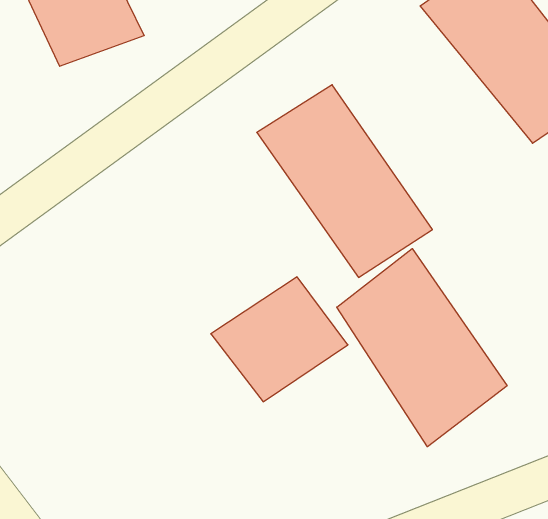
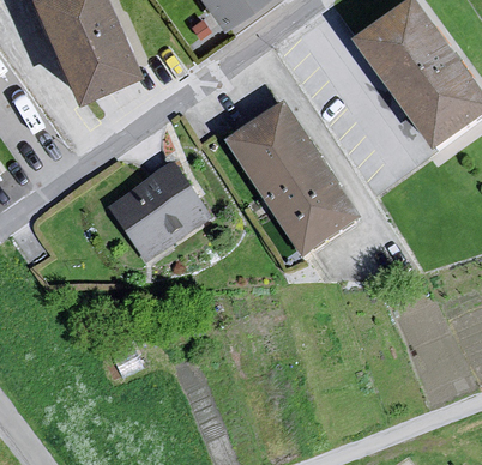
building: [337,249,507,447] -> none
building: [211,277,348,402] -> [109,161,216,258]

